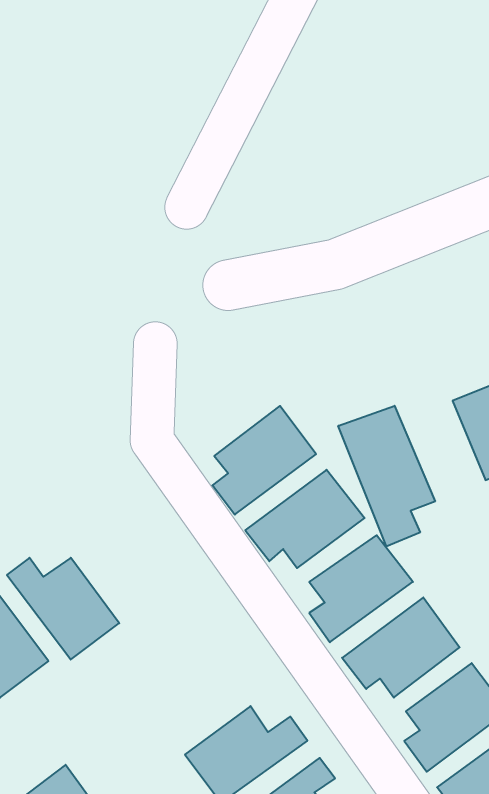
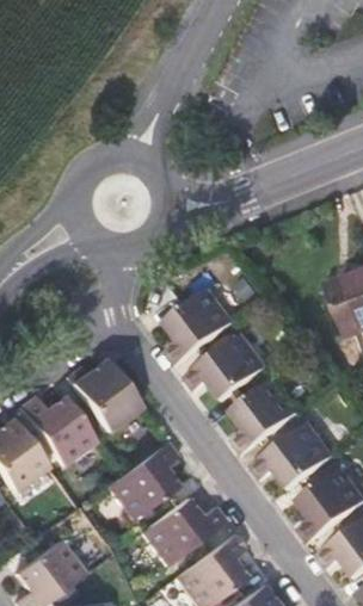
building: [338,406,435,547] -> none
building: none -> [66,357,140,429]
building: none -> [107,440,177,517]

